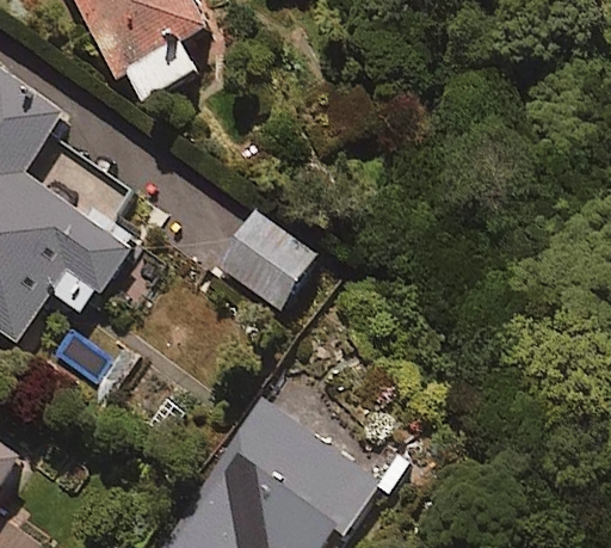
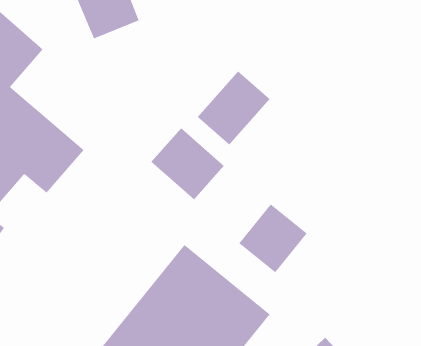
building: none -> [197,70,271,146]
building: none -> [239,204,307,273]

